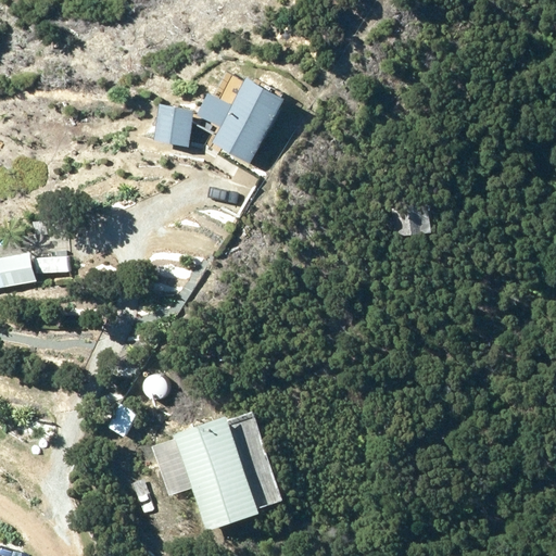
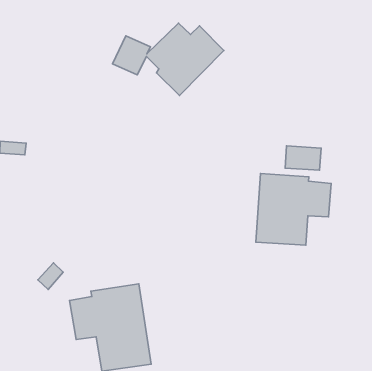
building: none -> [256,173,331,245]

